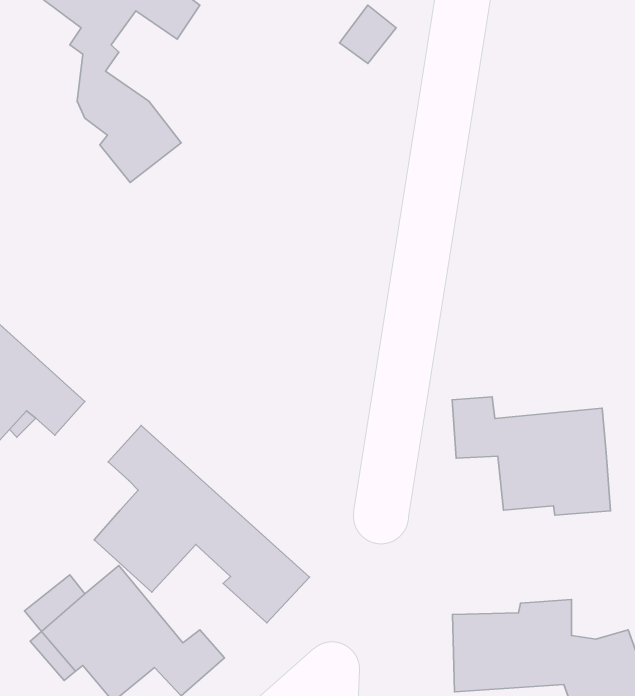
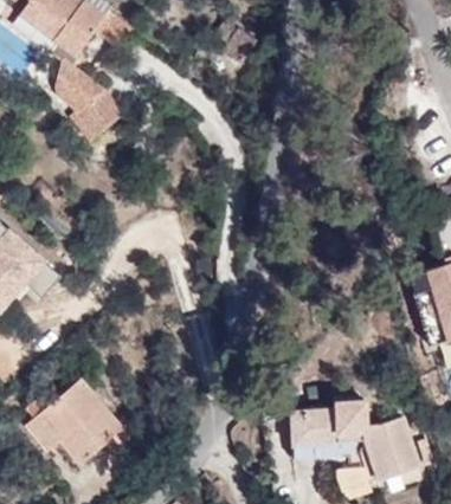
building: [452,397,611,515] -> none
building: [94,426,309,623] -> none

